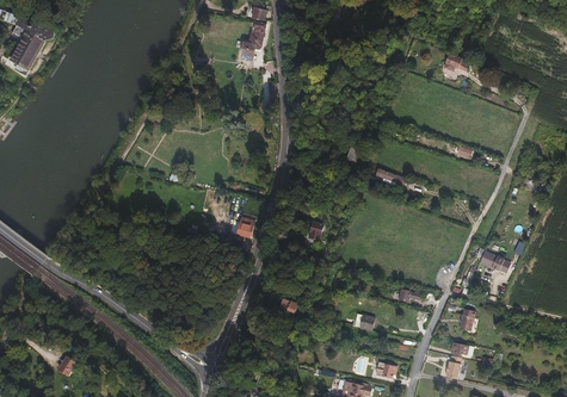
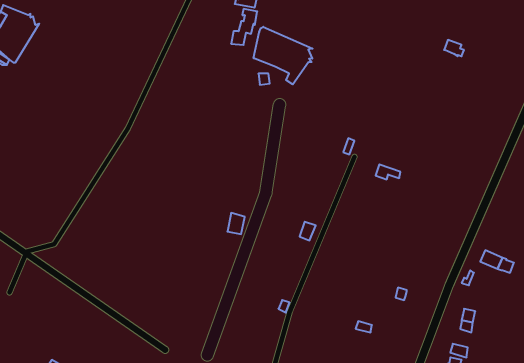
building: none -> [254,27,313,84]

